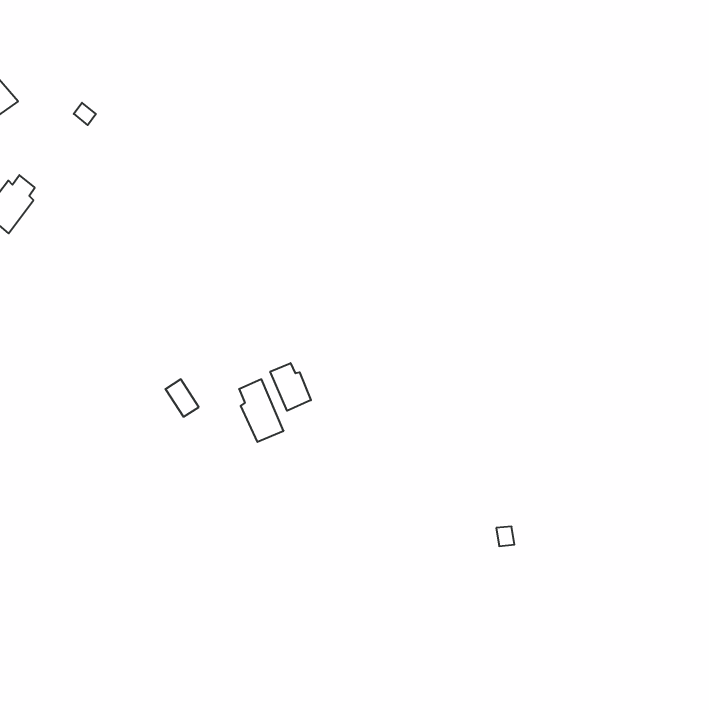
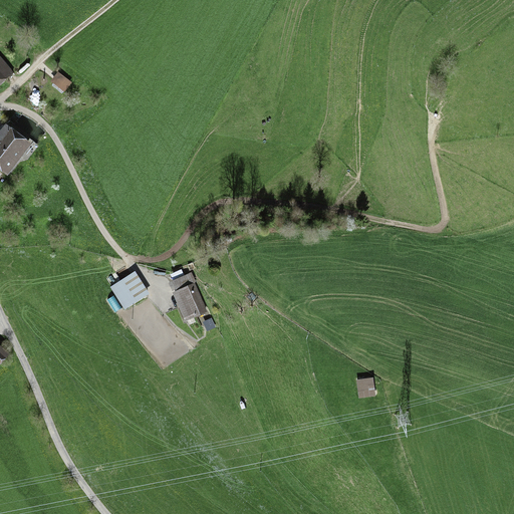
building: [270,363,311,411] -> none

